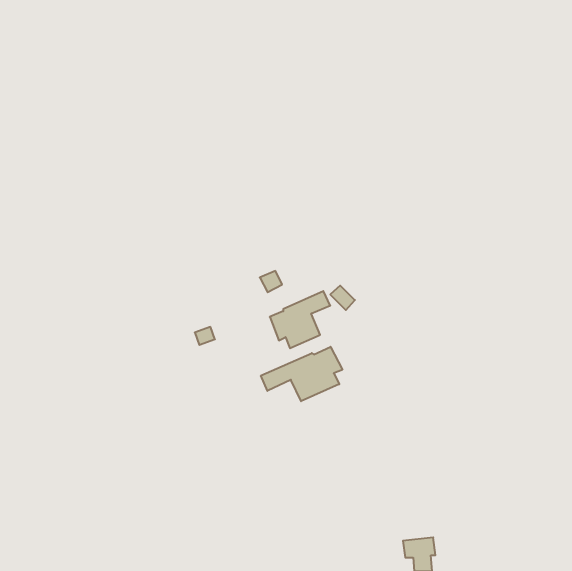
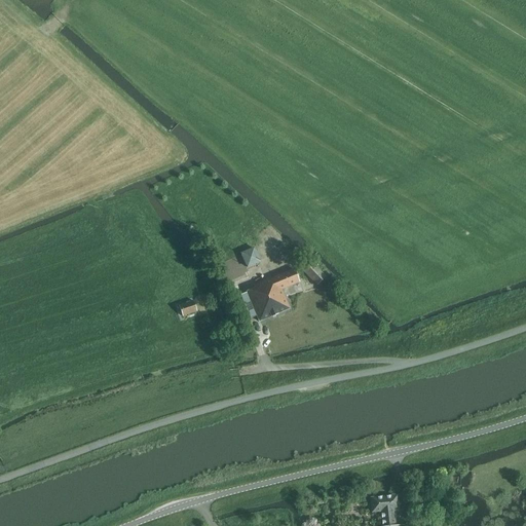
building: [261,347,342,401] -> none

